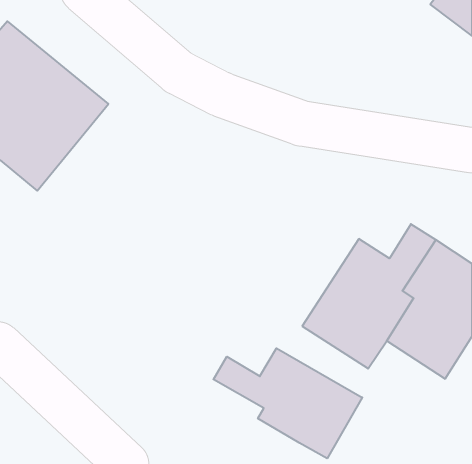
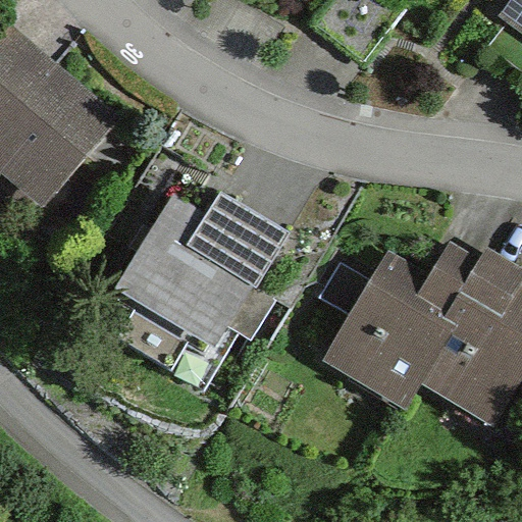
building: none -> [112,189,289,389]
building: [213,348,362,458] -> none

